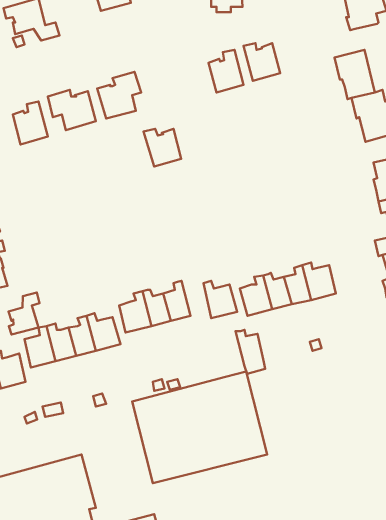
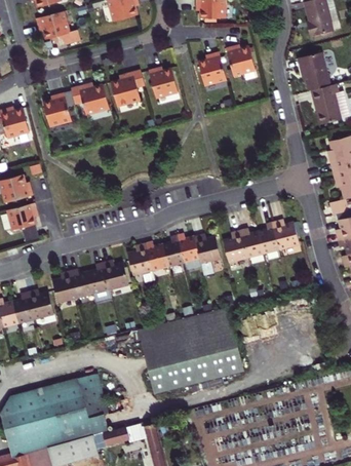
building: [144,129,181,167] -> [148,68,178,98]
building: [8,292,40,334] -> none
building: [235,330,265,374] -> [177,233,200,268]

